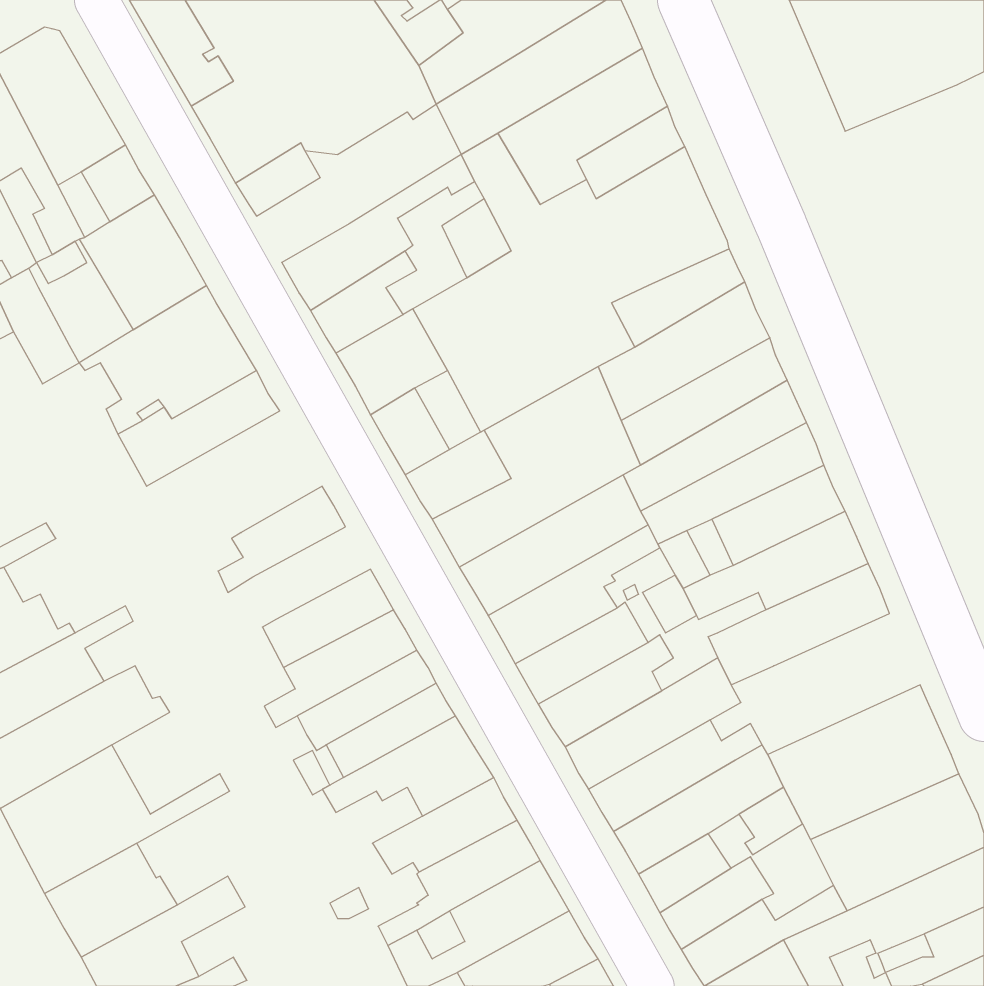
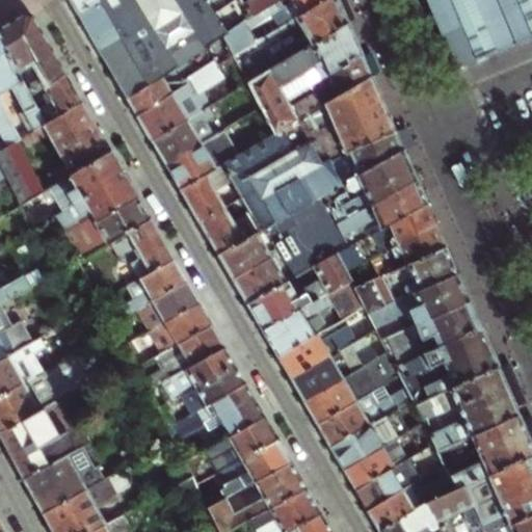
building: none -> [138,64,228,141]
building: none -> [109,221,174,287]
building: none -> [136,284,200,334]
building: none -> [401,330,496,406]

